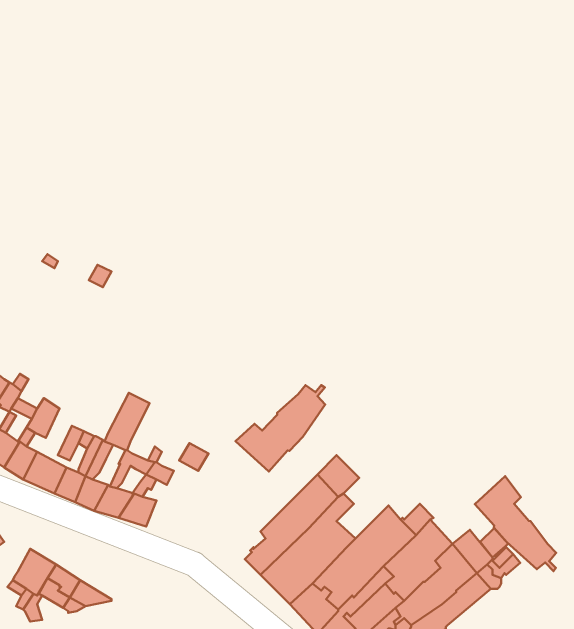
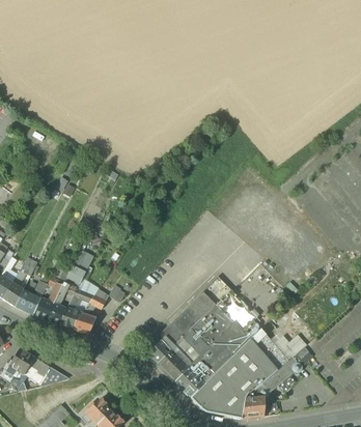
building: [235,385,325,472] -> none
building: [475,476,556,571] -> none
building: none -> [202,305,233,341]

